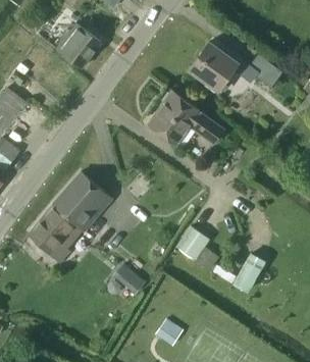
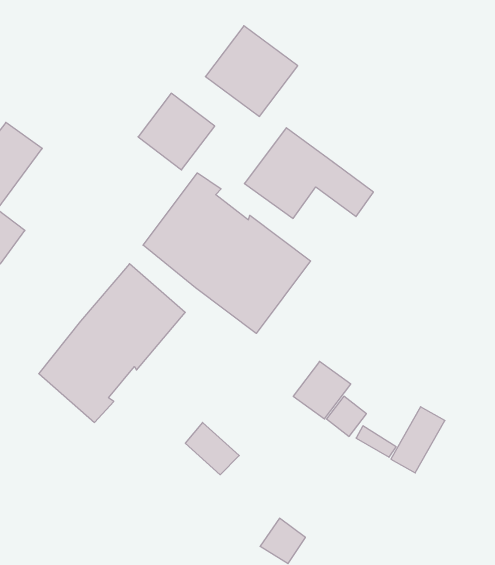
building: [56,23,101,68] -> [138,93,215,170]
building: [186,40,240,93] -> [205,26,298,116]
building: [246,54,281,88] -> none
building: none -> [143,173,311,333]

